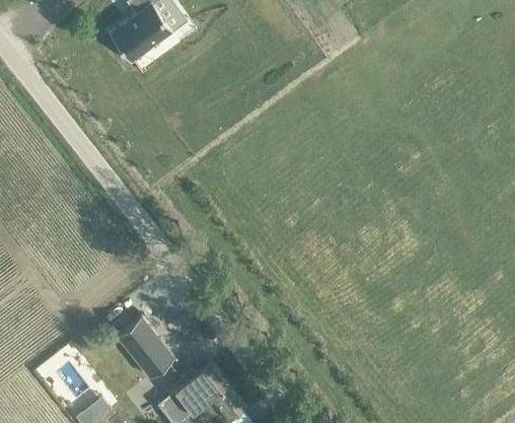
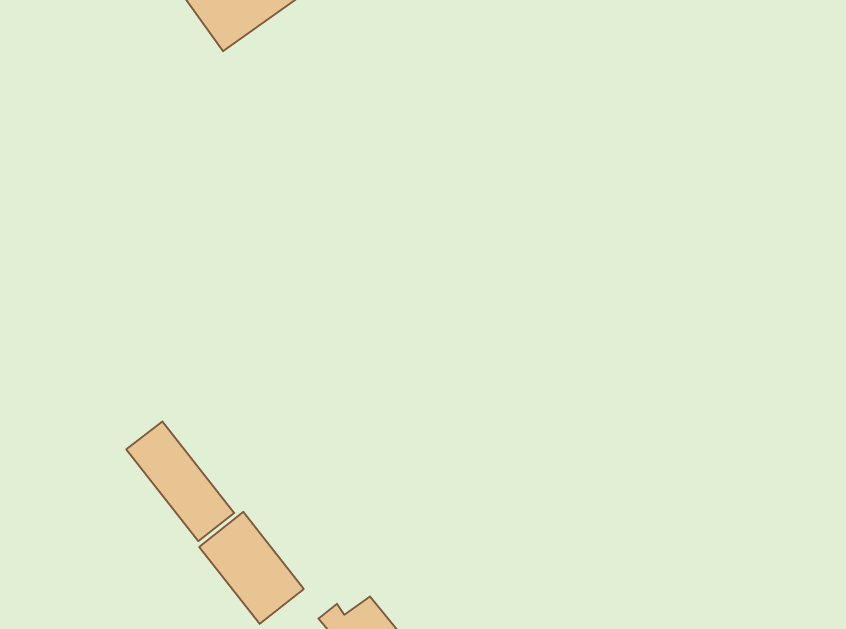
building: none -> [126,421,234,541]

